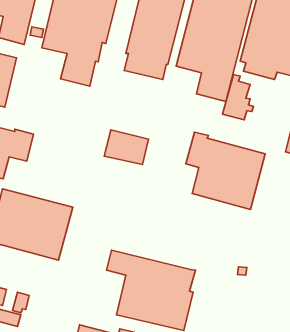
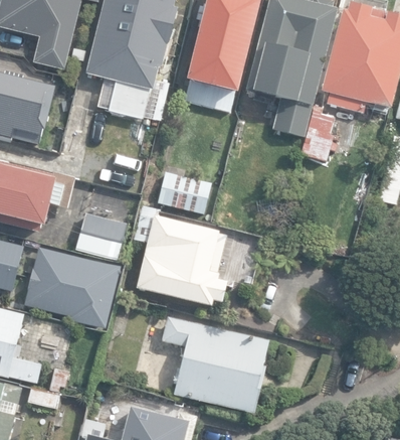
building: [186,132,265,210] -> none
building: none -> [134,204,227,305]
building: none -> [75,212,127,260]

